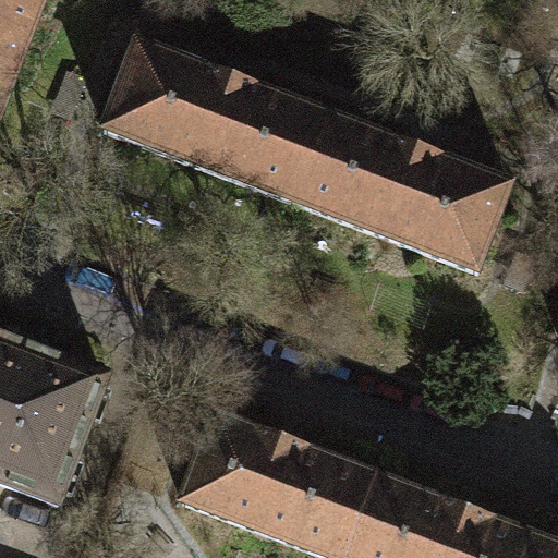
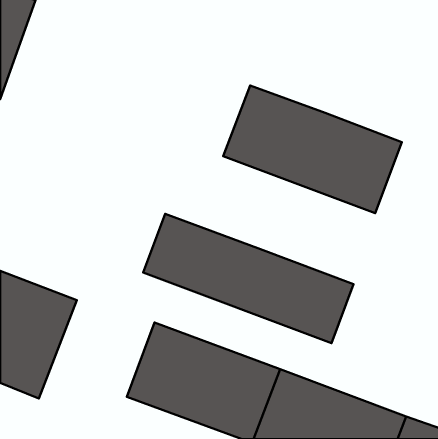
building: [94,36,319,197] -> none
building: none -> [143,214,353,343]

